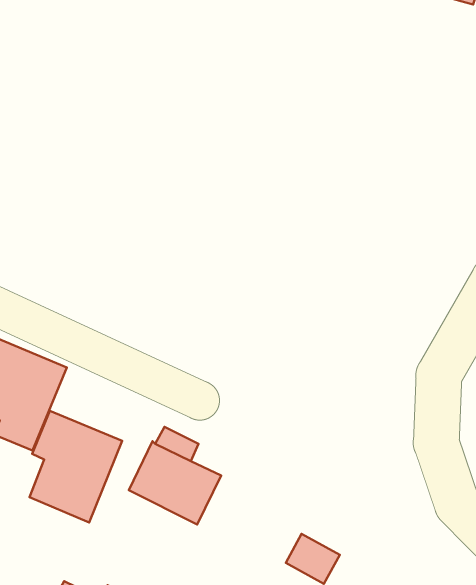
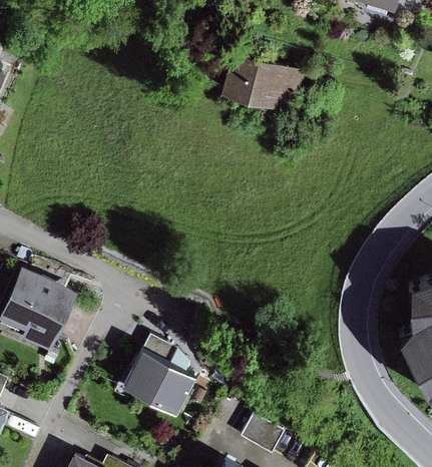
building: none -> [222,53,304,114]
building: [30,411,122,522] -> none

